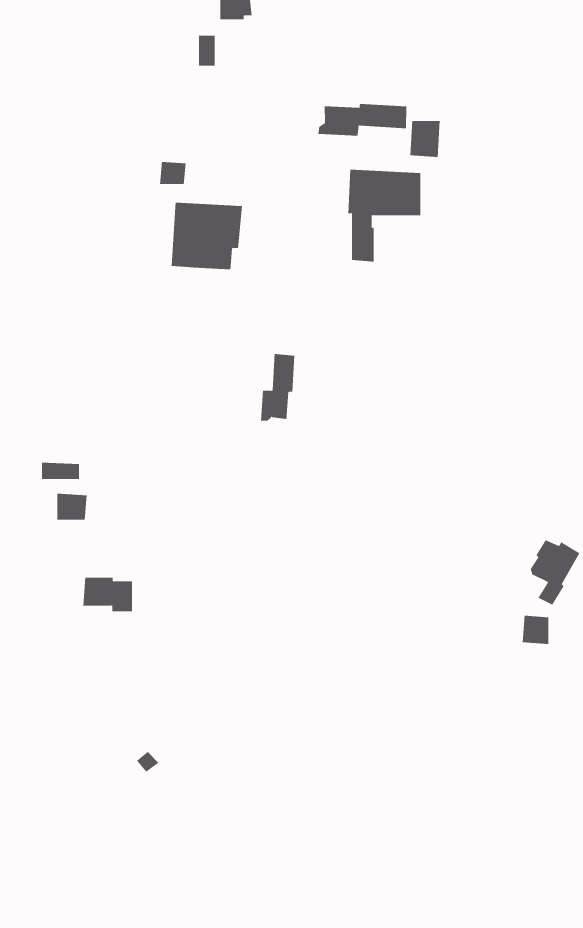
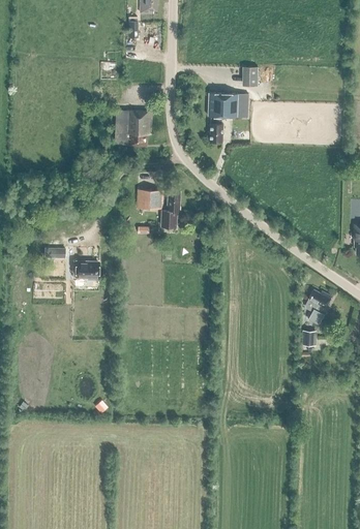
building: [318,103,407,136] -> none
building: none -> [137,190,162,208]
building: [83,577,133,612] -> [72,261,99,280]

